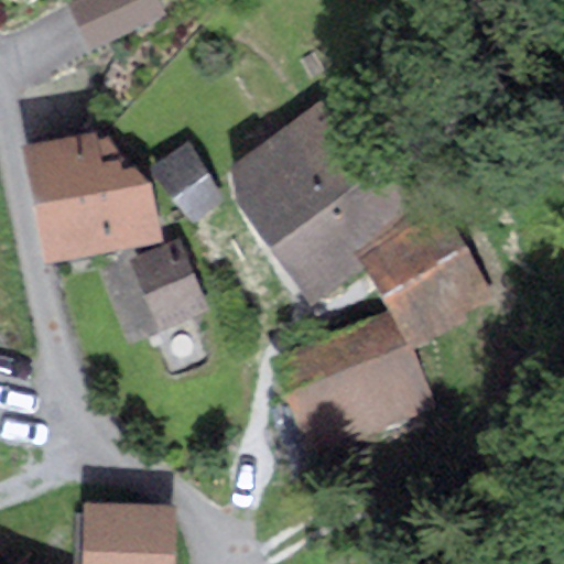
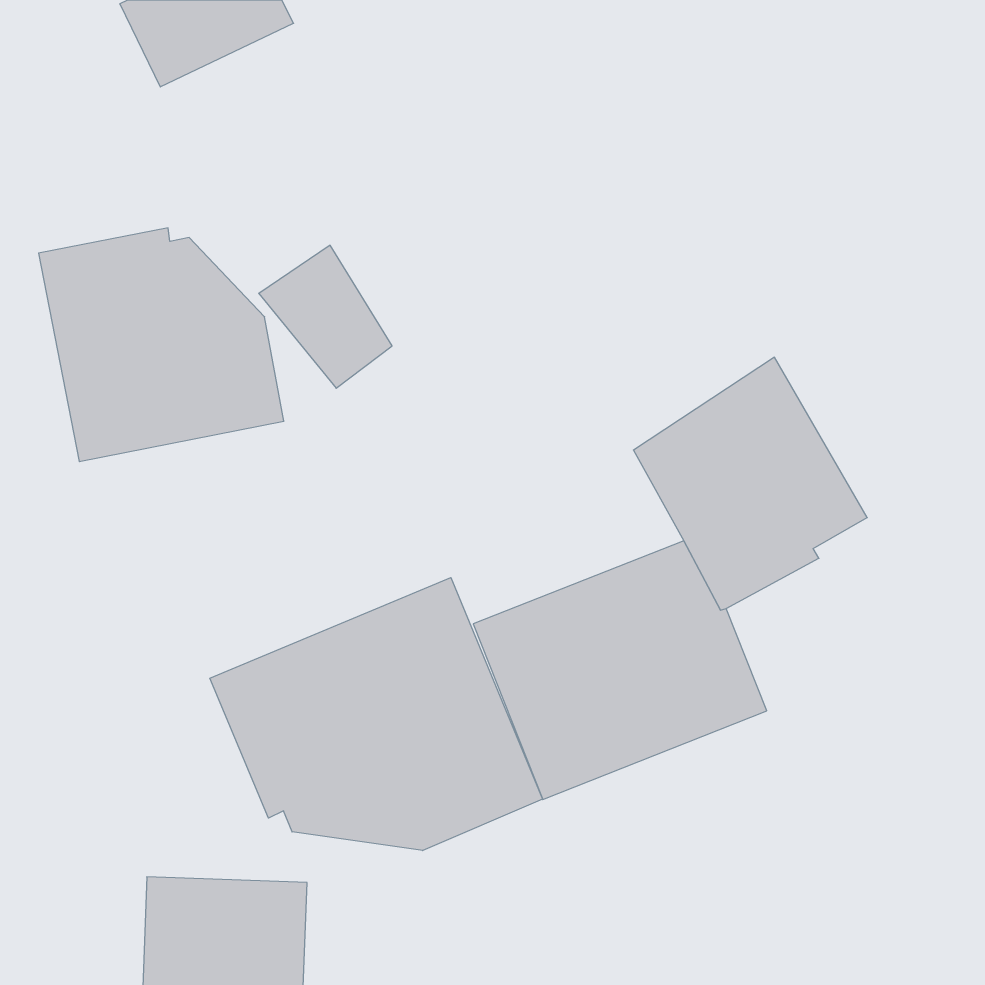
building: [229,93,412,306] -> none
building: [128,237,209,332] -> none
building: none -> [210,578,543,851]

